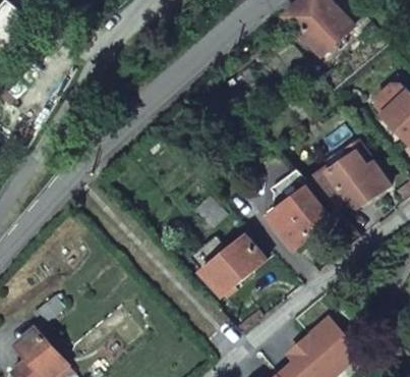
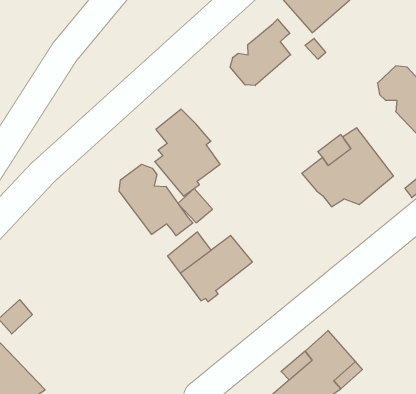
building: none -> [230,19,291,86]
building: [270,166,328,244] -> [155,109,220,196]
building: none -> [119,164,193,236]

